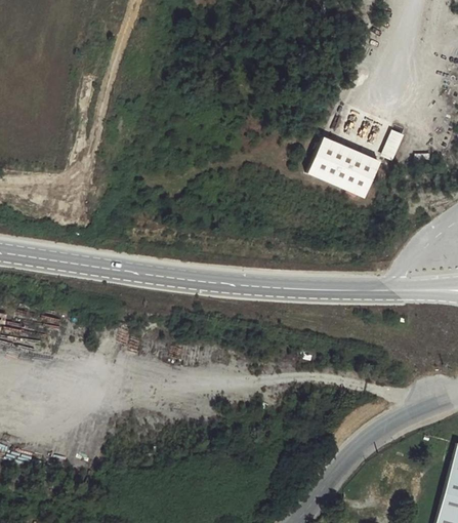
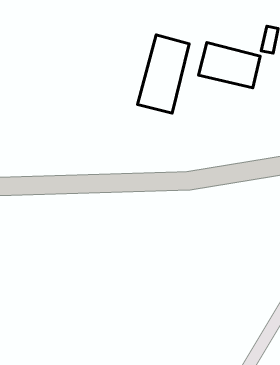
building: none -> [138,35,189,113]

